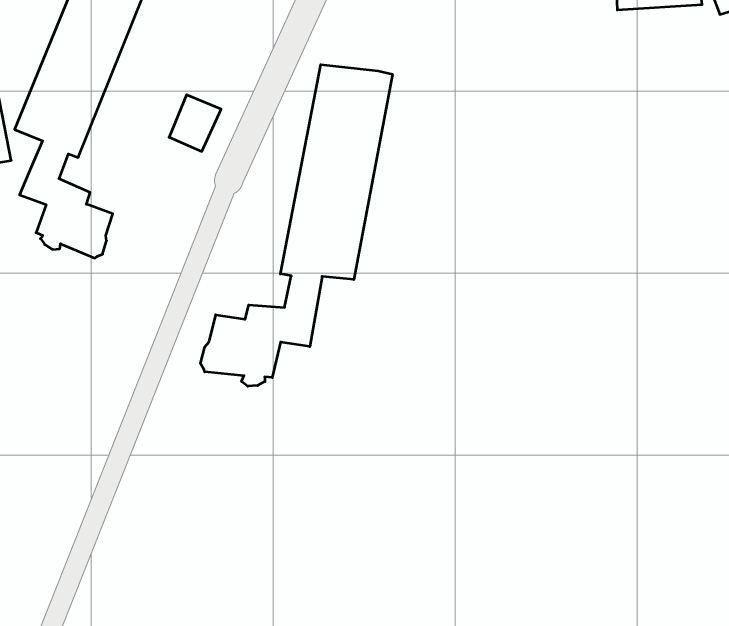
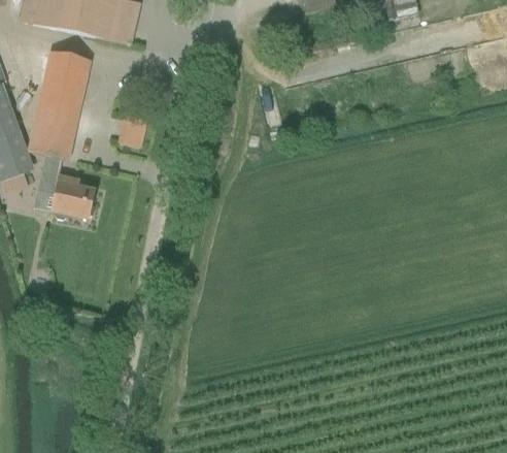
building: [200,65,392,386] -> none

